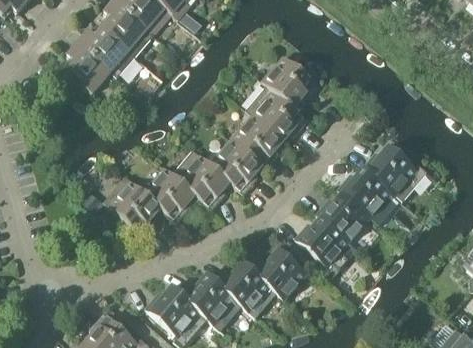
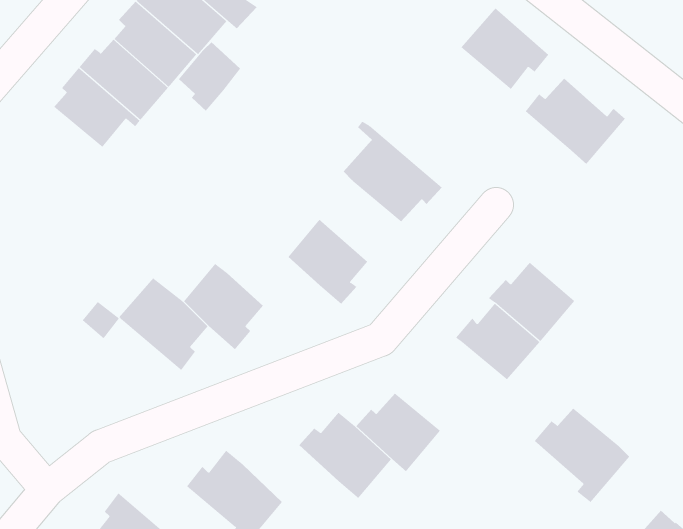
building: none -> [178,42,241,111]
building: [262,55,318,107] -> [460,8,549,90]
building: [230,115,282,169] -> none
building: [363,145,427,200] -> [525,78,626,165]
building: [172,149,230,209] -> none
building: [295,217,356,277] -> [534,408,630,503]
building: [182,273,242,329] -> none

